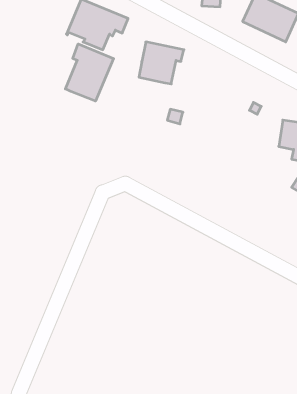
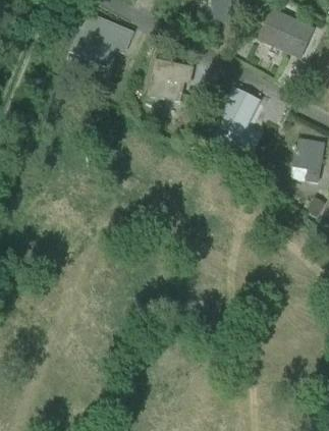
building: [65,44,114,101] -> none
building: none -> [216,89,262,139]

